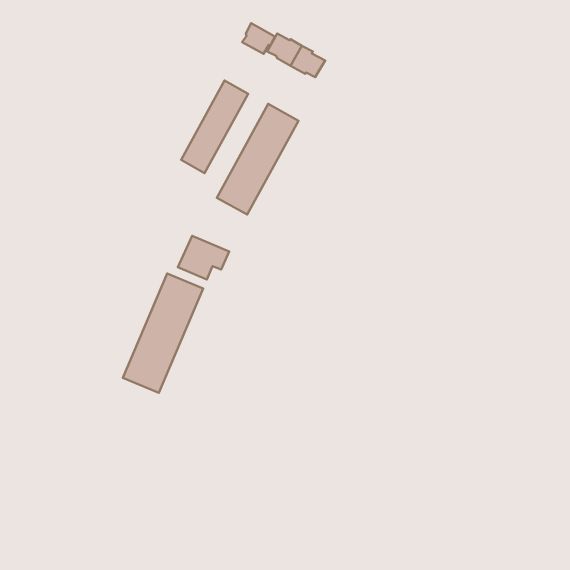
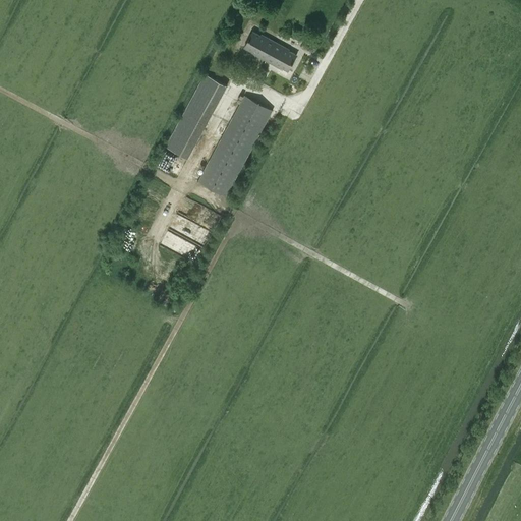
building: [242,23,275,54] -> none
building: [123,274,203,393] -> none

